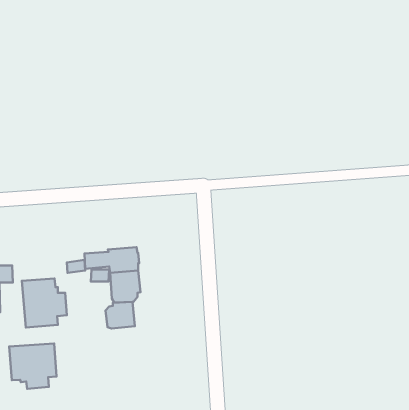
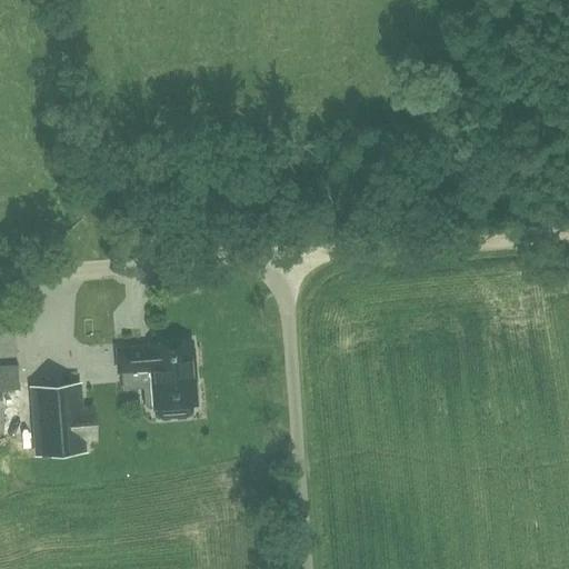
building: [105,302,135,329] -> none
building: [9,344,57,389] -> none

